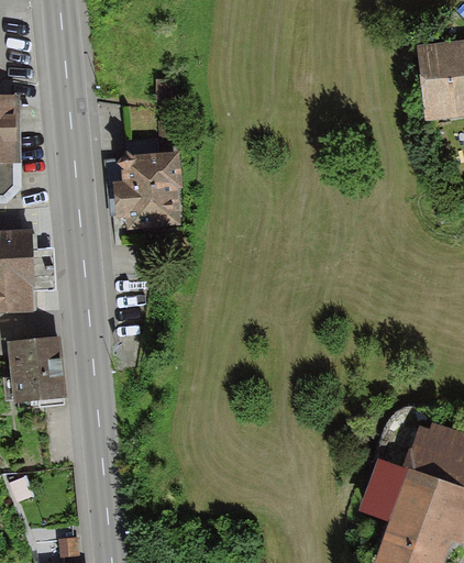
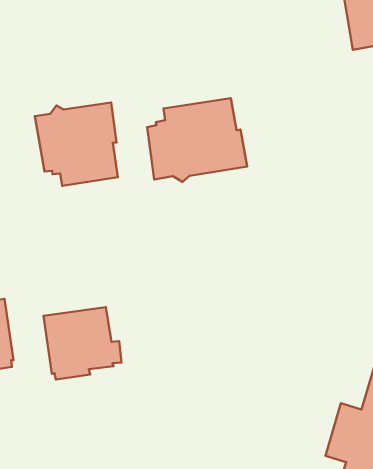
building: none -> [147,98,247,182]
building: none -> [43,307,122,379]

